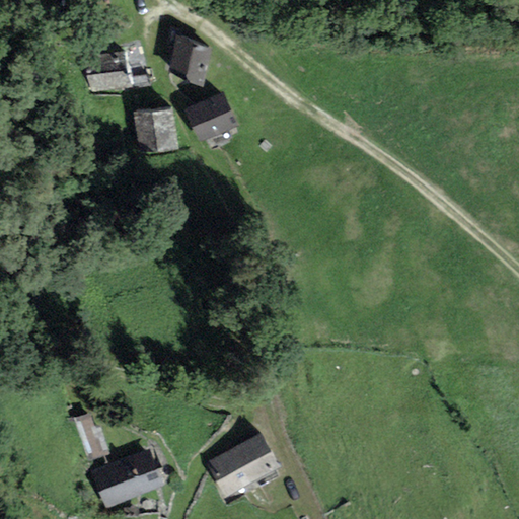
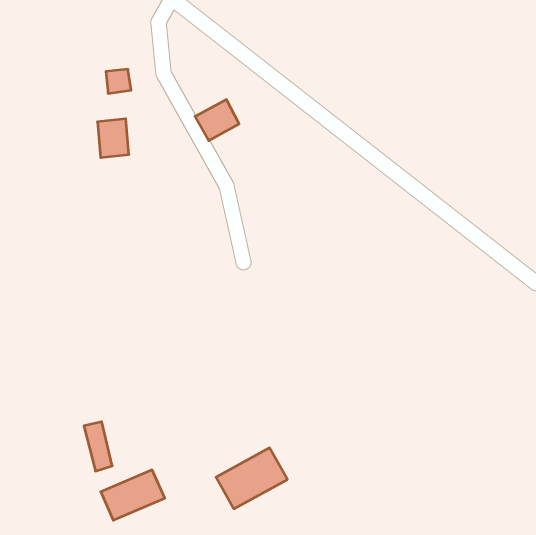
building: [170,41,207,81] -> none
building: [140,113,170,150] -> [97,119,129,158]

